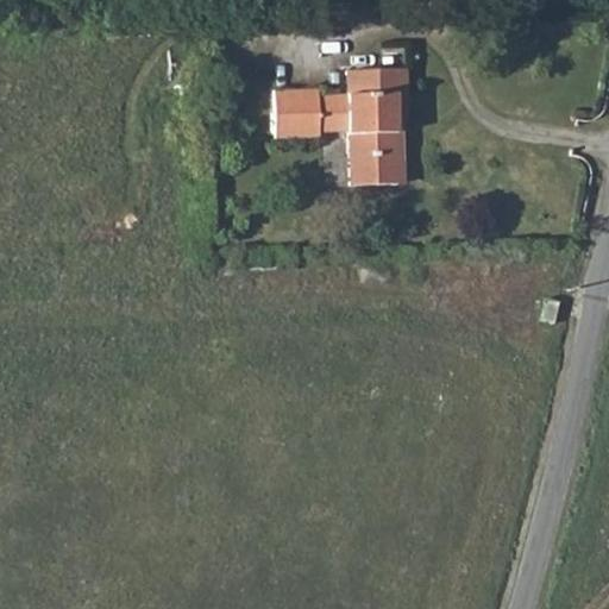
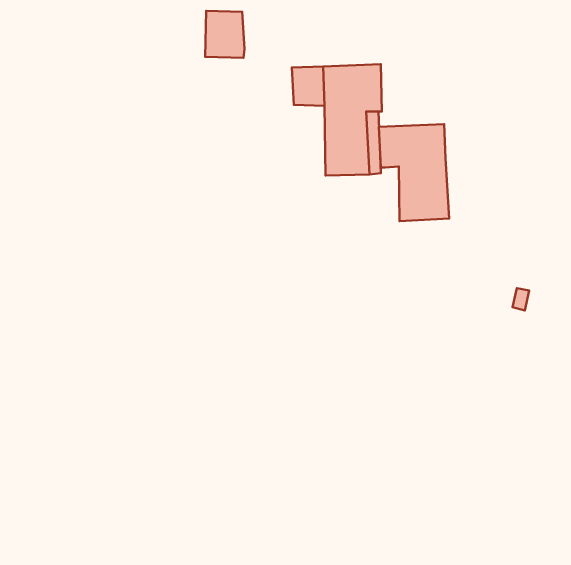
building: [274,81,315,131] -> [205,11,245,58]
building: none -> [379,124,449,221]

